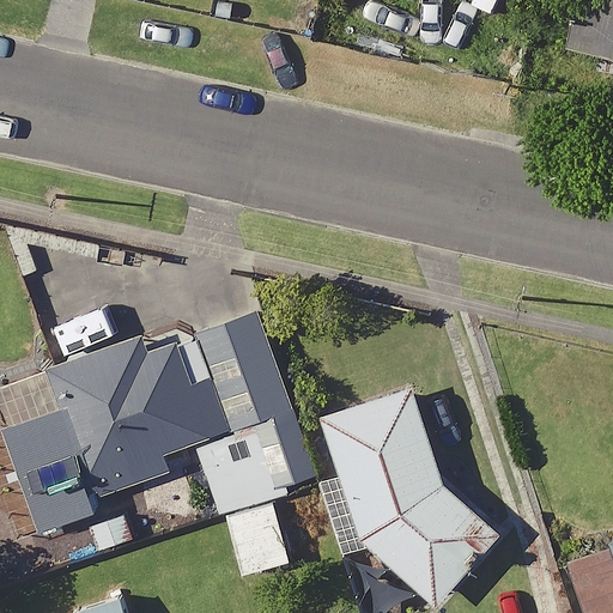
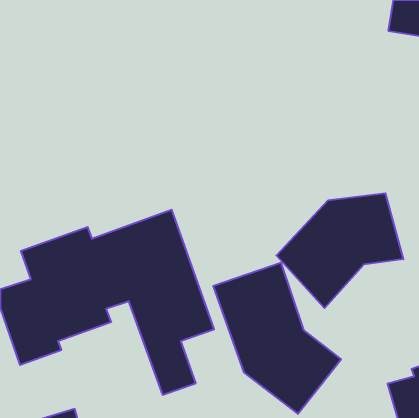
building: none -> [276,193,403,308]

